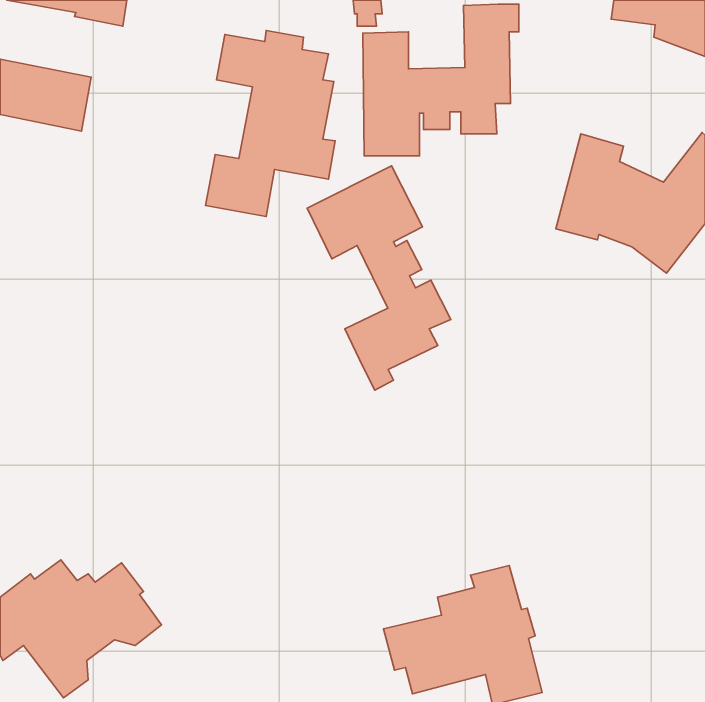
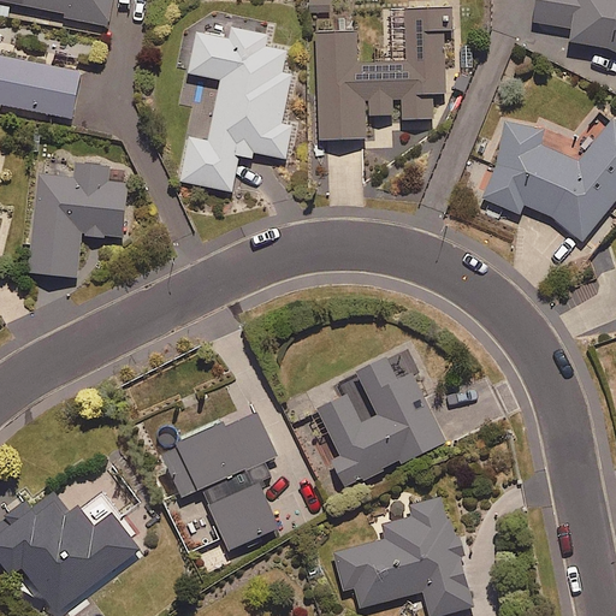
building: [307,166,451,390] -> none
building: none -> [28,161,126,276]
building: none -> [316,356,446,487]
building: none -> [159,408,279,549]

